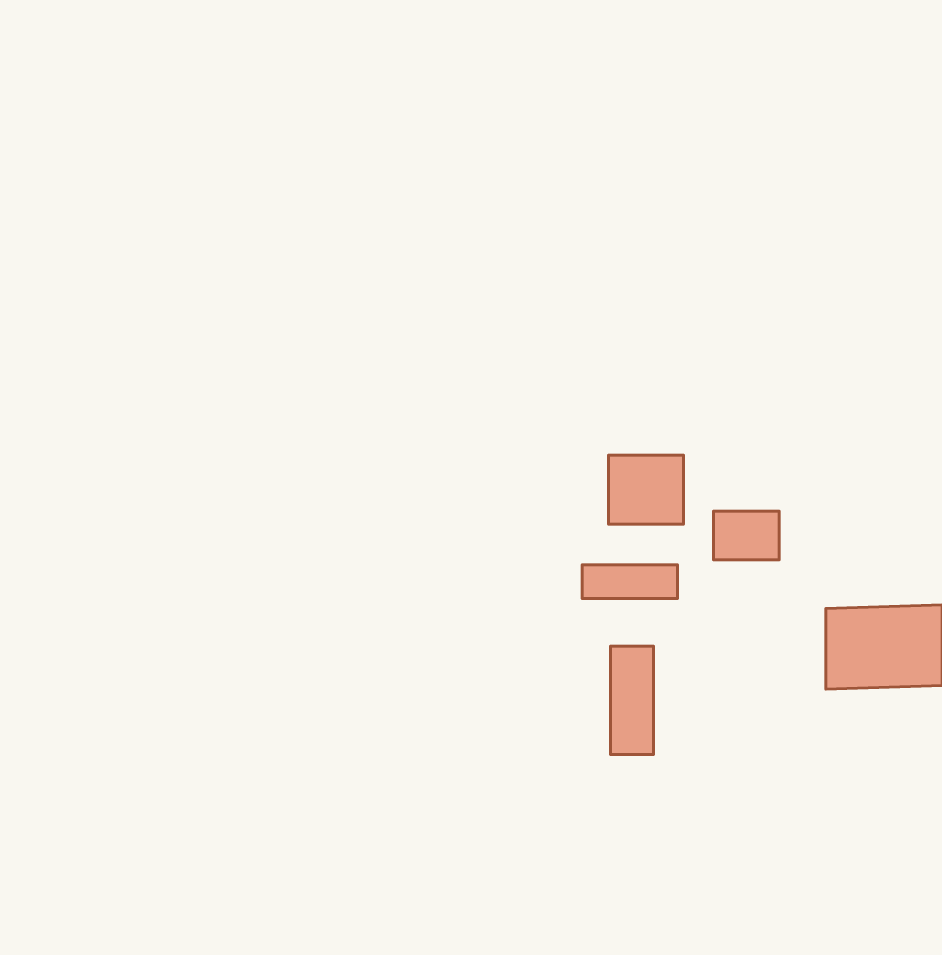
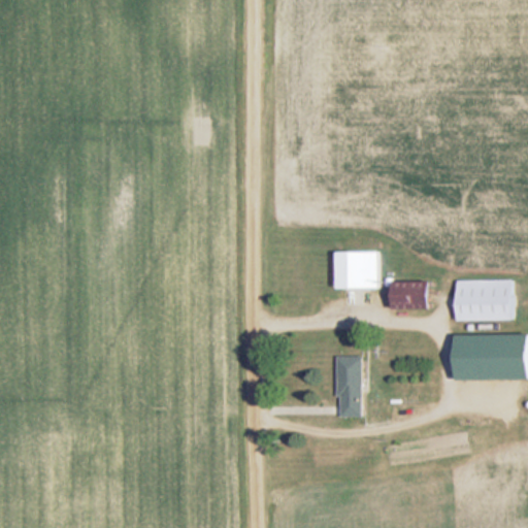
building: none -> [454,280,512,322]
building: [582,565,677,599] -> none

